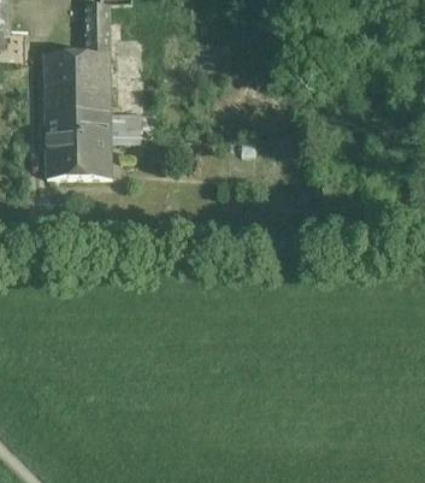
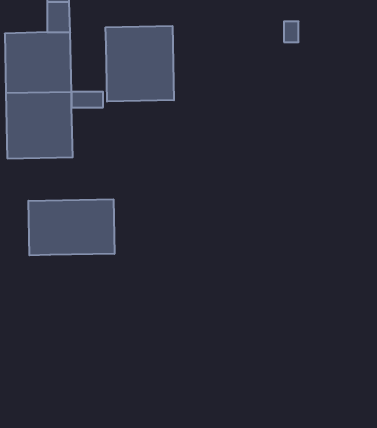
building: none -> [106,26,174,102]
building: none -> [28,199,114,255]

